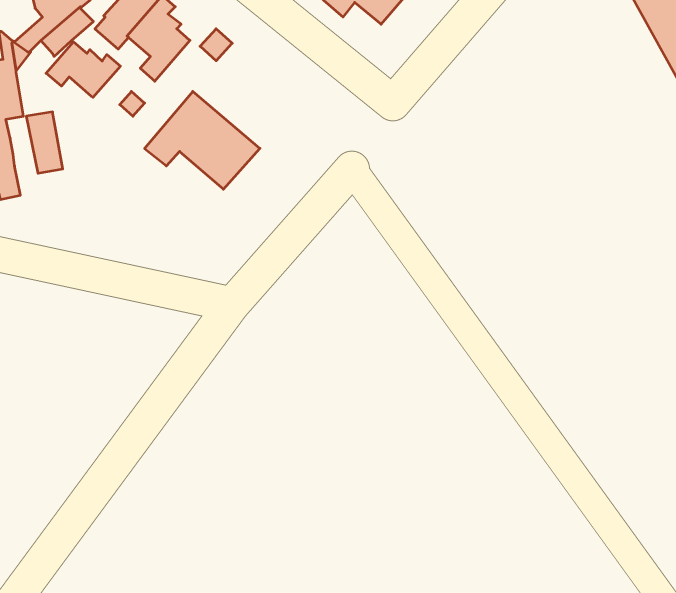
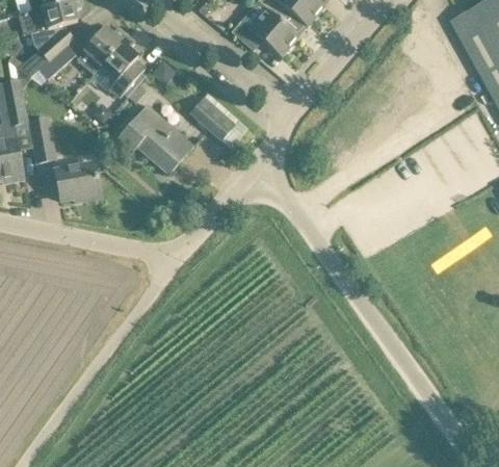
building: [46,42,120,97] -> none
building: none -> [190,96,235,138]
building: none -> [54,161,101,199]

